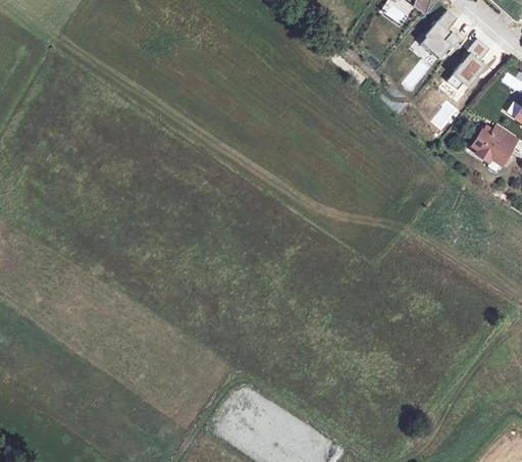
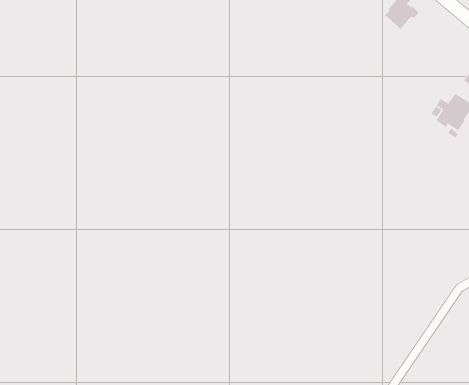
building: [447,38,489,89] -> none

